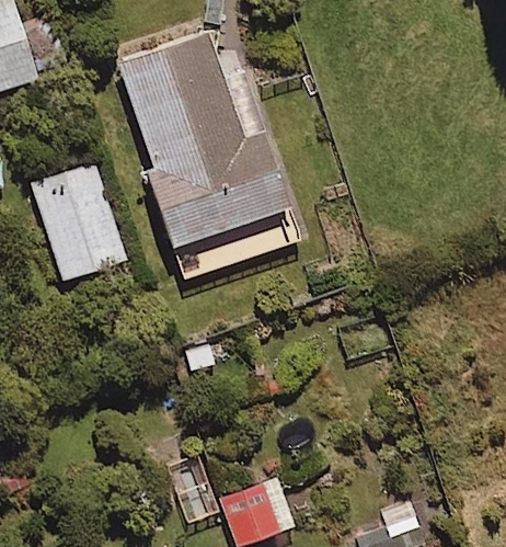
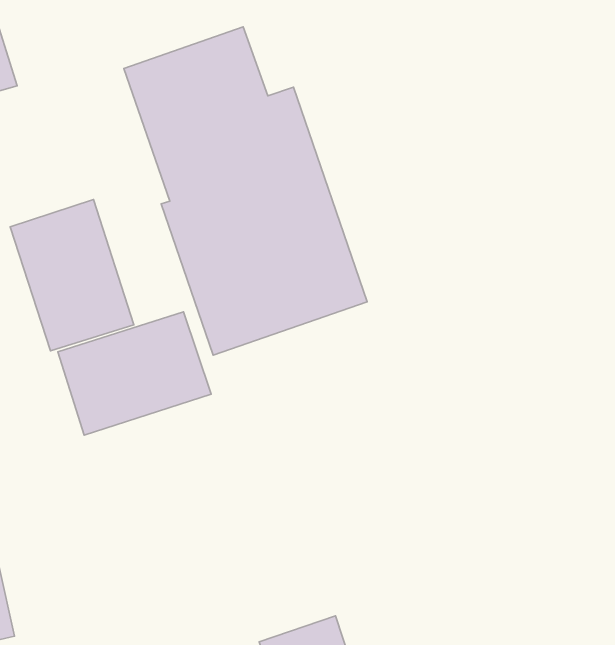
building: none -> [58,312,211,435]

